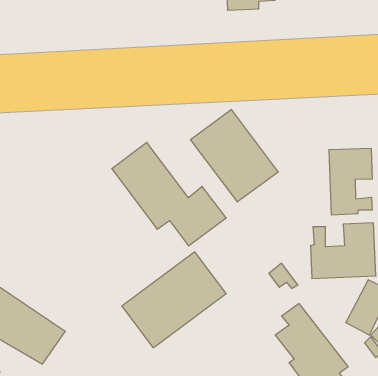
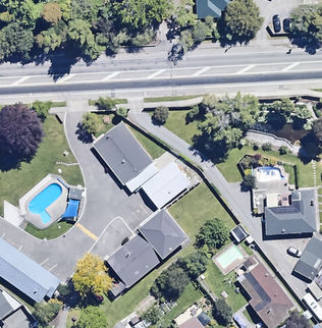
building: [191,109,278,202] -> none
building: [329,148,372,215] -> none

